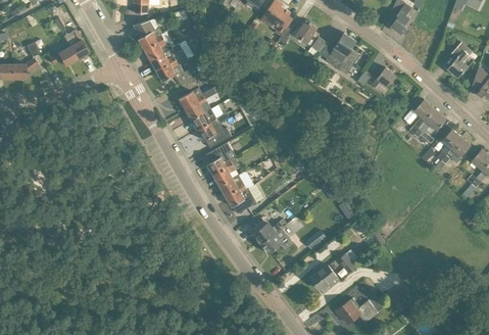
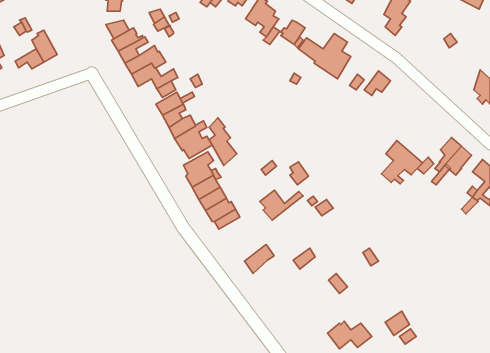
building: [447,42,474,78] -> none
building: [409,99,447,139] -> [381,141,422,184]
building: none -> [209,118,237,166]
building: [250,216,290,243] -> [260,190,303,220]
building: [310,265,340,293] -> none

